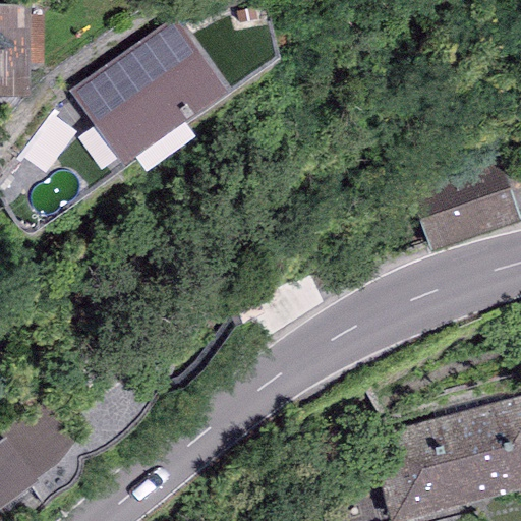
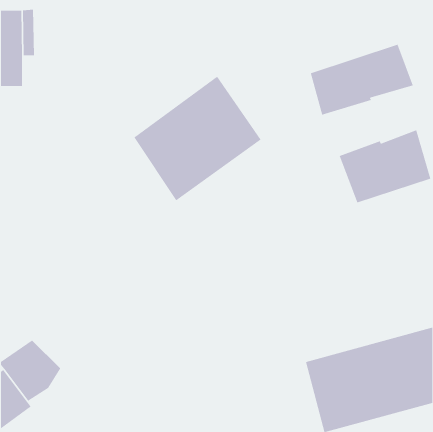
building: [72,25,226,176] -> [134,76,262,201]
building: none -> [310,44,414,116]

